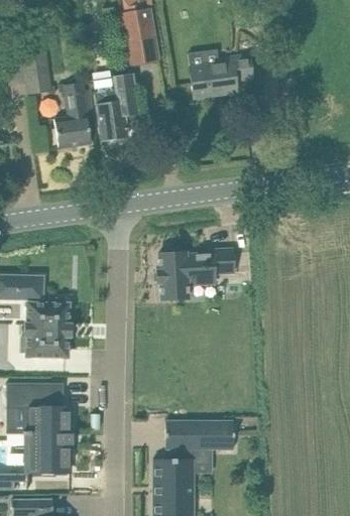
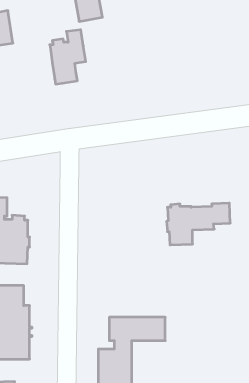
building: [189,56,246,98] -> none
building: [53,83,91,149] -> none
building: [156,249,233,299] -> [167,203,230,245]

